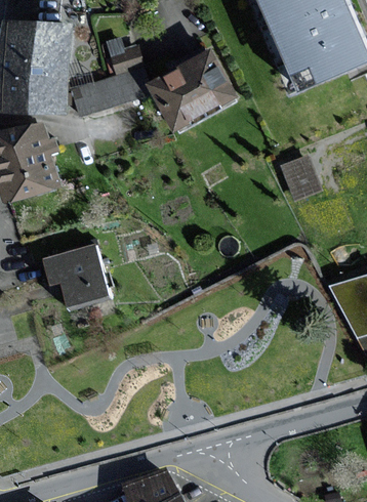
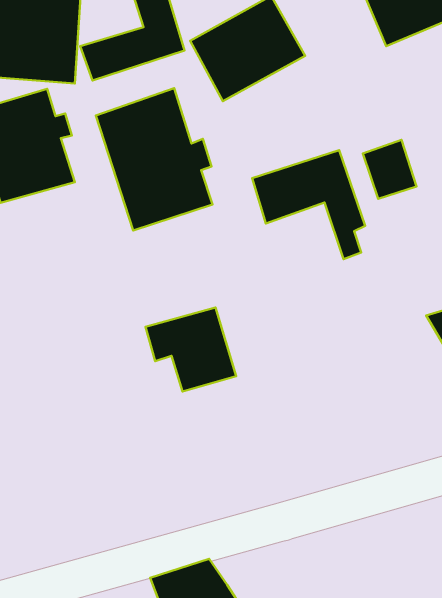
building: none -> [96,88,212,230]
building: none -> [252,150,365,259]
building: [42,244,110,306] -> [145,308,236,391]

